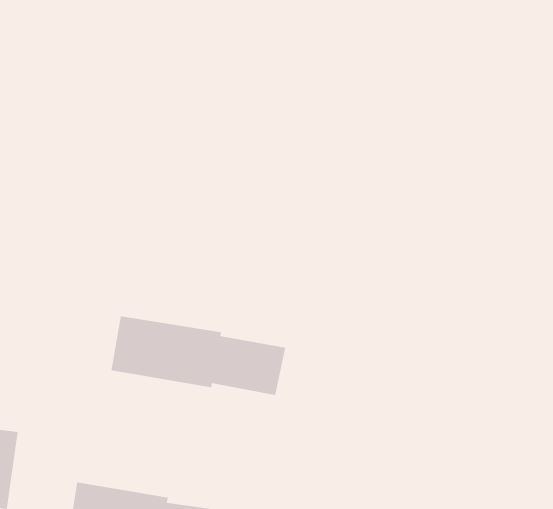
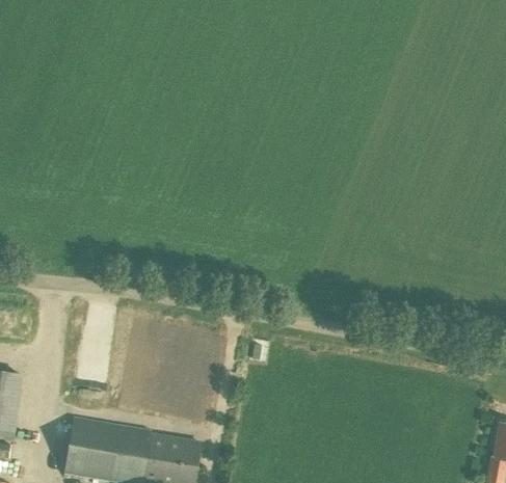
building: [111,315,286,396] -> none

